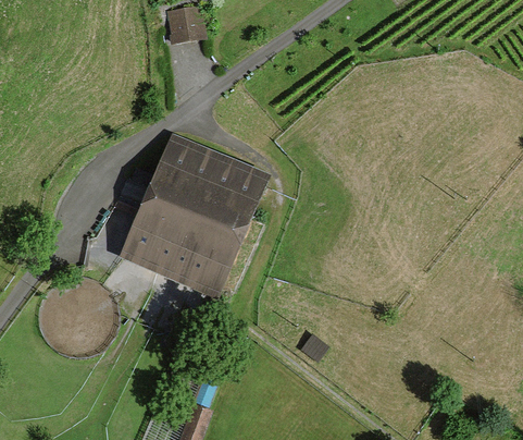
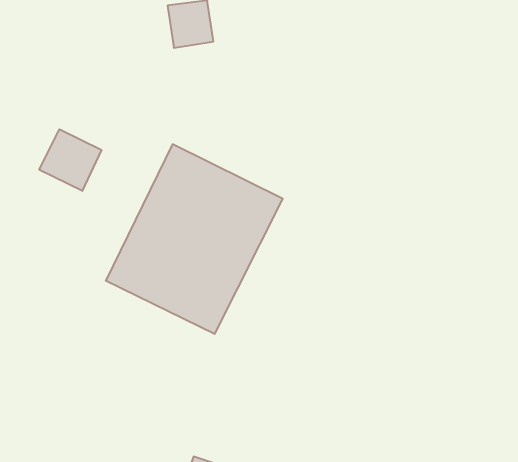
building: none -> [39,129,101,191]

